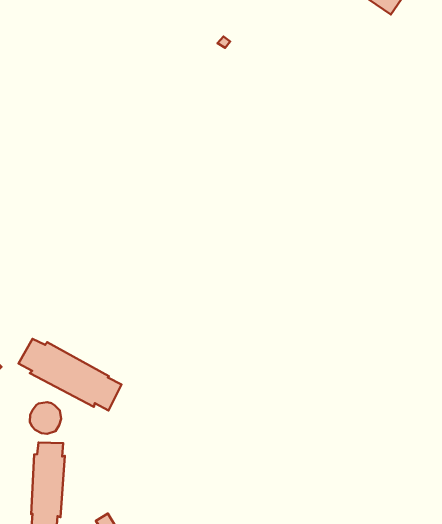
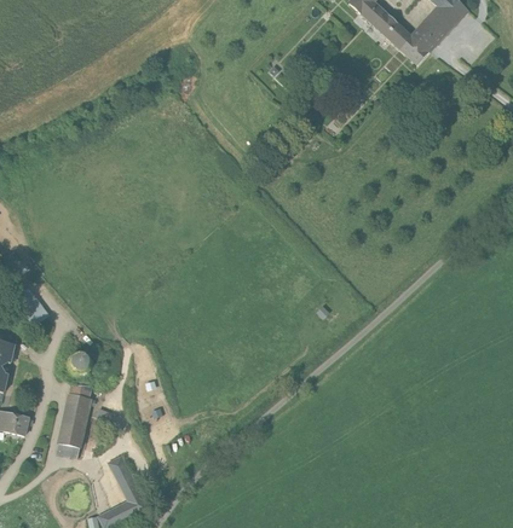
building: [18,339,122,410] -> none

